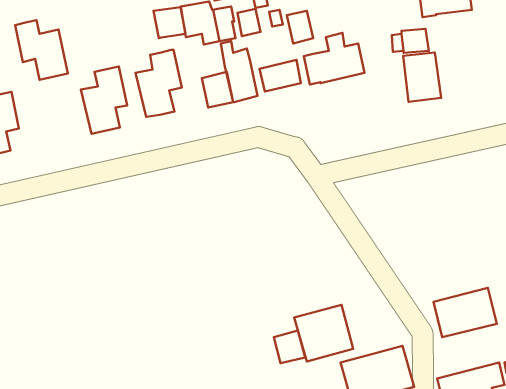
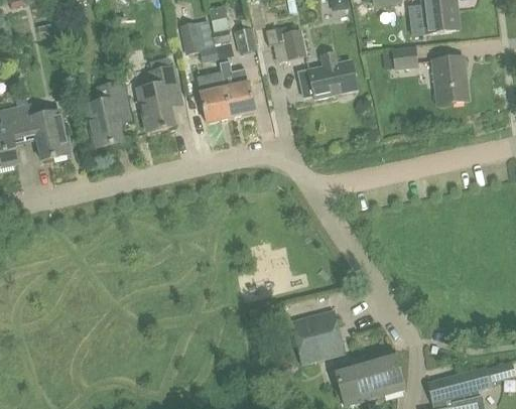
building: [154,7,185,38] -> none
building: [15,20,68,80] -> [18,102,69,159]
building: [403,53,441,102] -> [432,56,469,104]
building: [260,60,301,91] -> none
building: [433,288,497,337] -> none
building: [274,330,305,363] -> none

